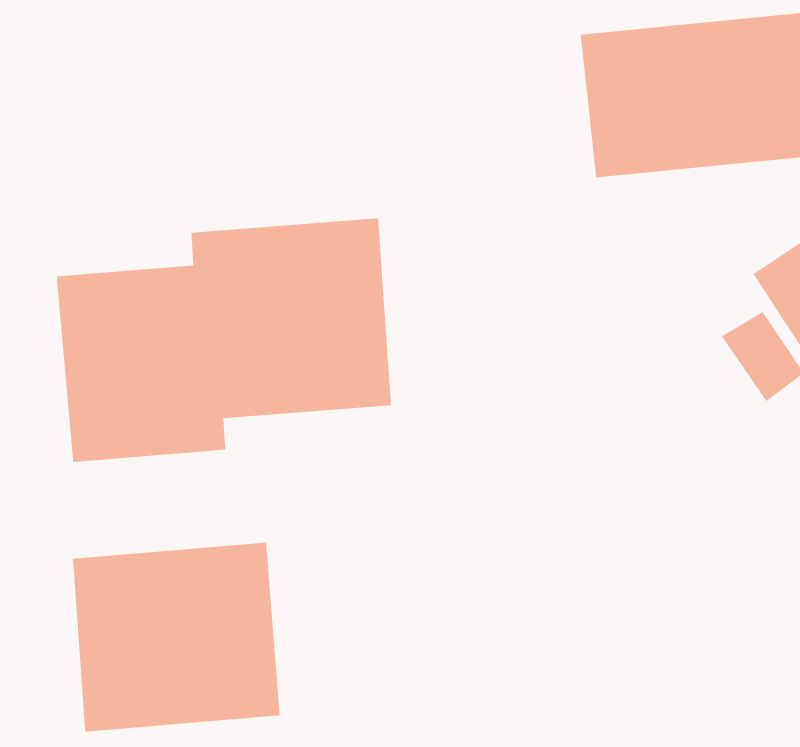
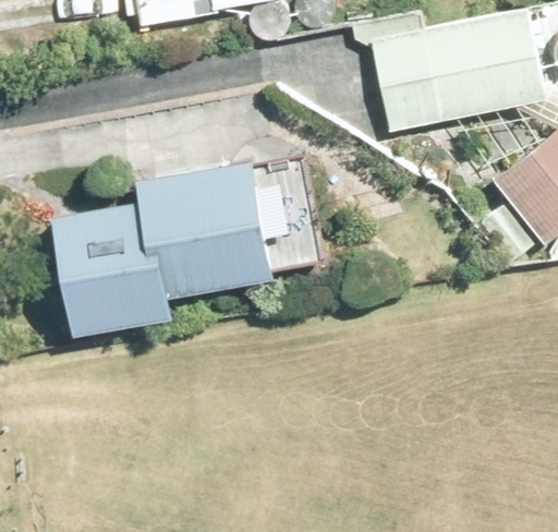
building: [72,542,280,732] -> none

